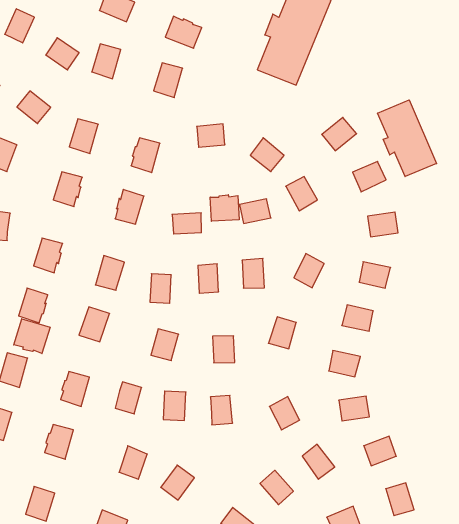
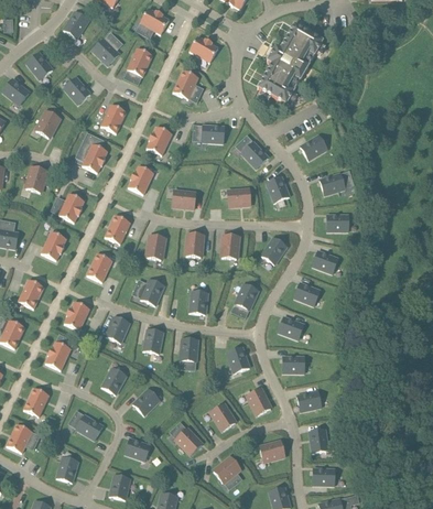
building: [378,100,437,177] -> none
building: [210,195,239,221] -> none
building: [14,319,50,354] -> none

